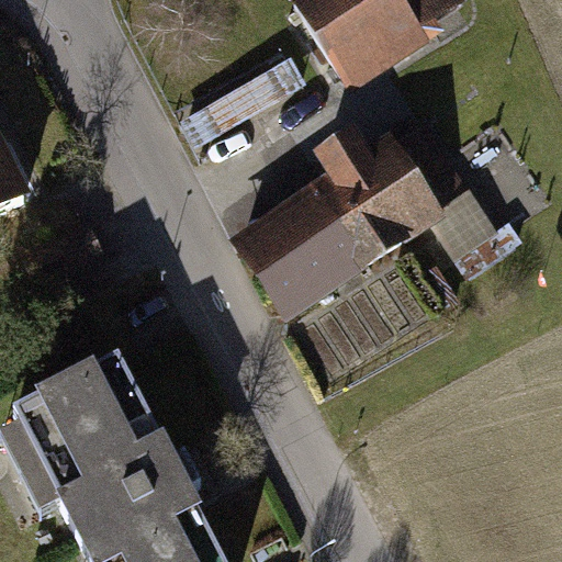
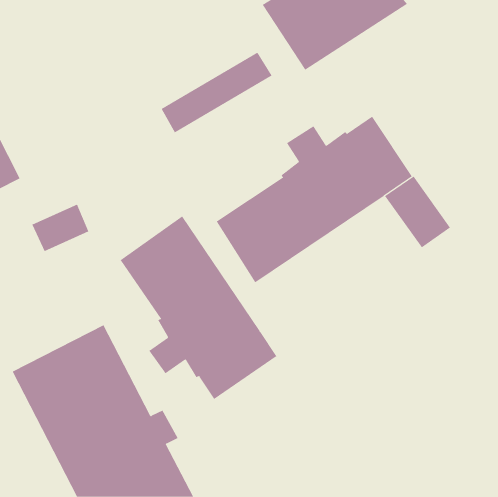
building: none -> [120,215,277,400]

